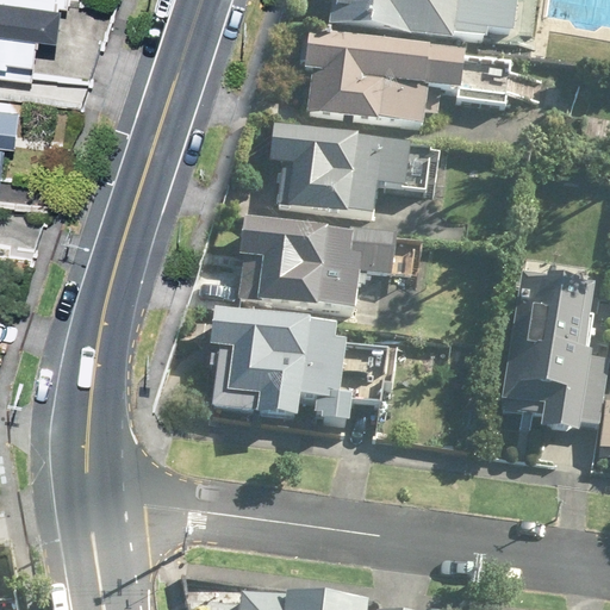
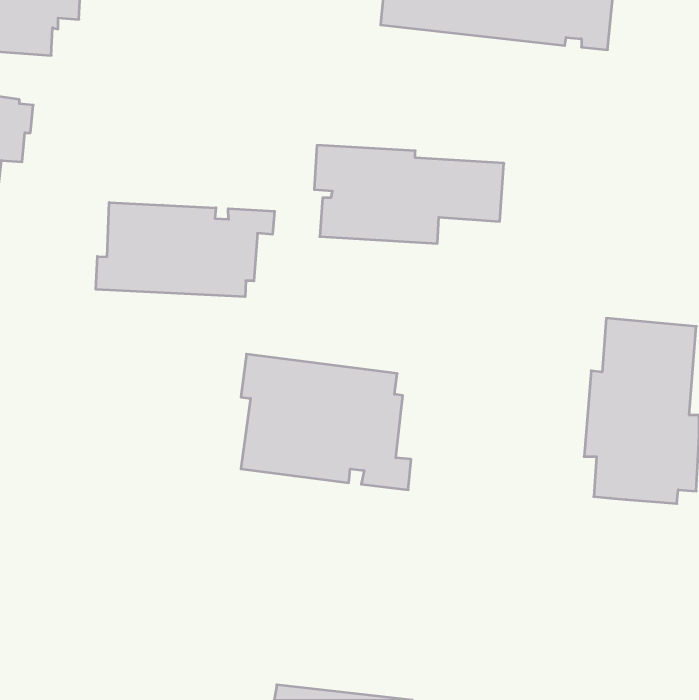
building: [300,29,511,130] -> none
building: none -> [96,202,275,297]
building: [237,216,467,306] -> none

